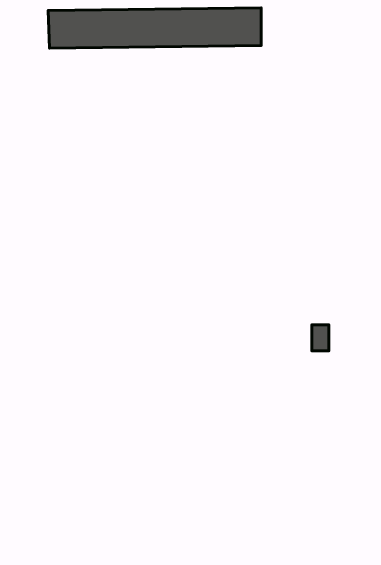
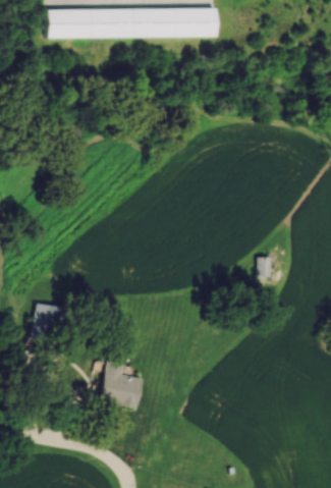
building: none -> [32,302,62,340]
building: none -> [99,360,142,408]

